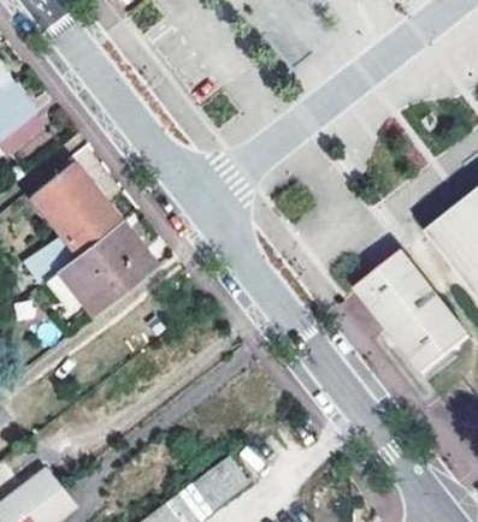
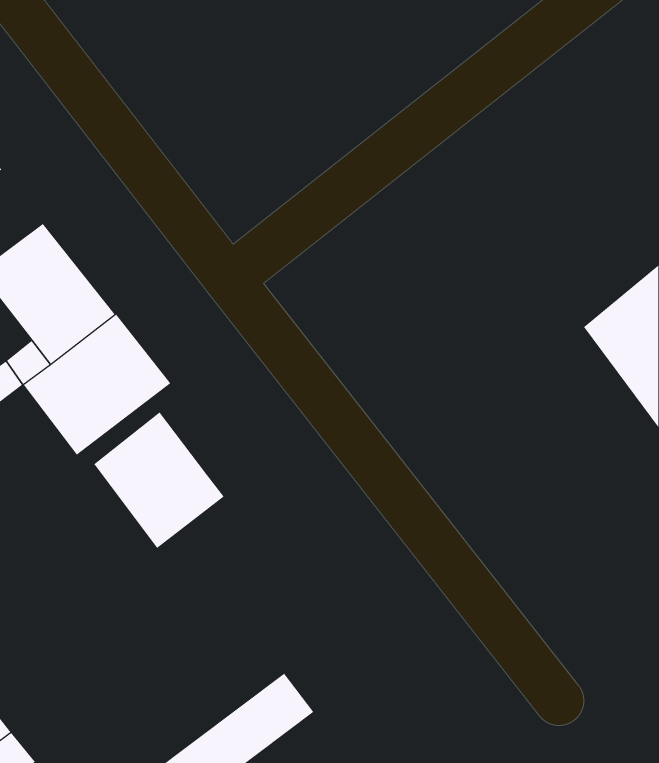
building: [353,249,466,370] -> none
building: none -> [94,411,225,549]

